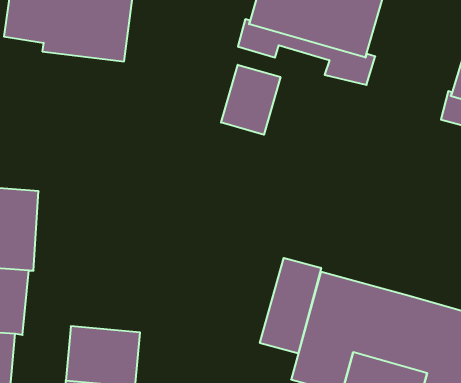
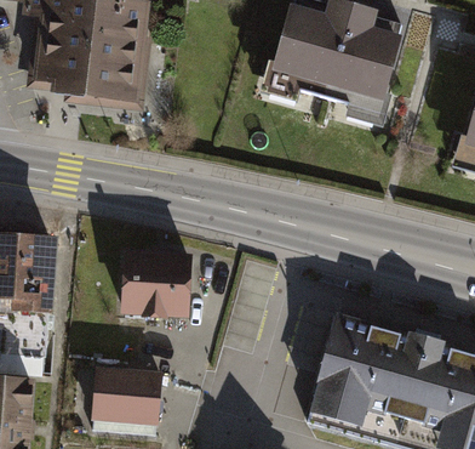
building: [221,65,280,135] -> none
building: none -> [118,249,187,318]
building: [260,258,321,354] -> none

